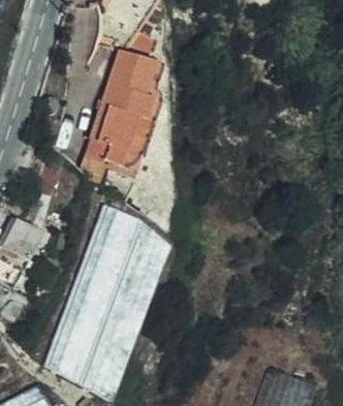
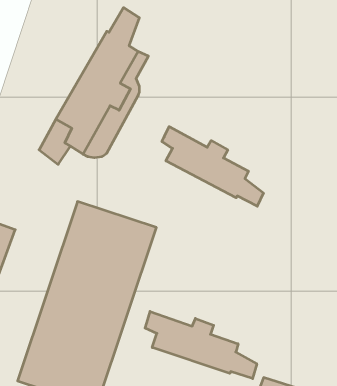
building: none -> [162,127,263,206]
building: none -> [145,311,257,379]

